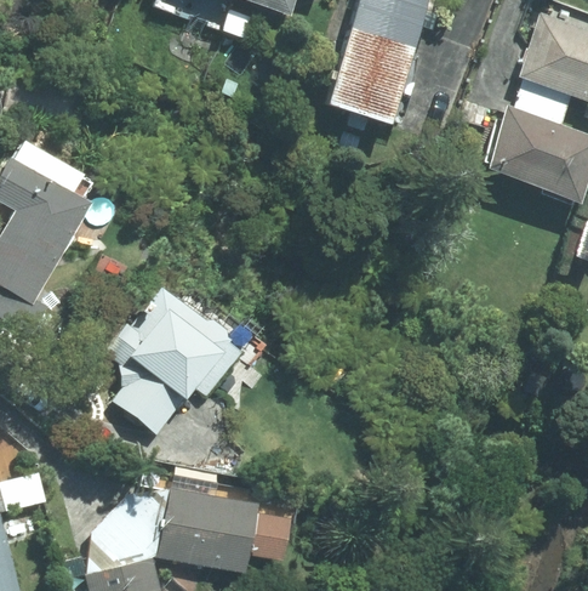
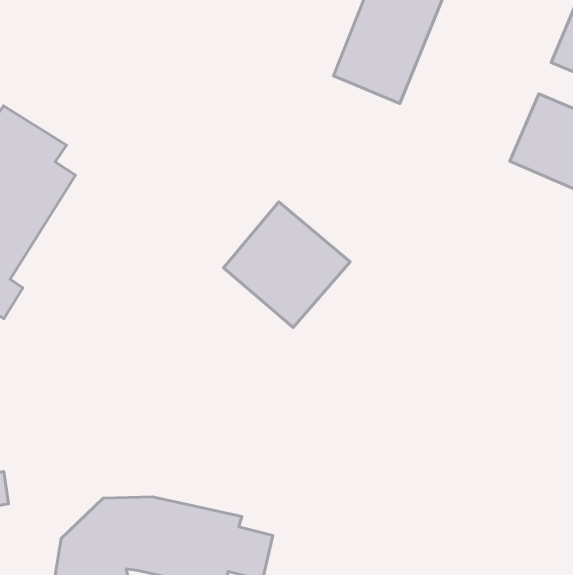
building: none -> [223,202,350,327]
building: [102,294,240,434] -> none

